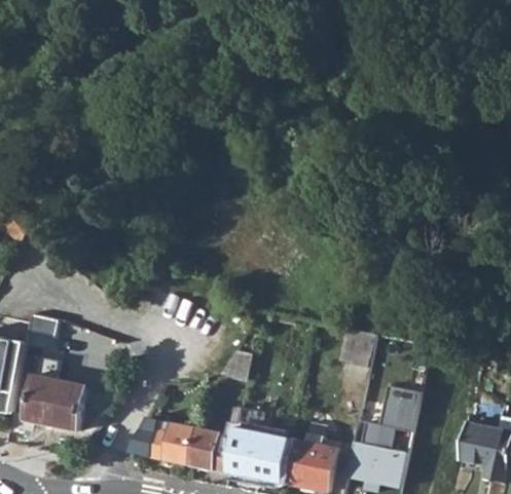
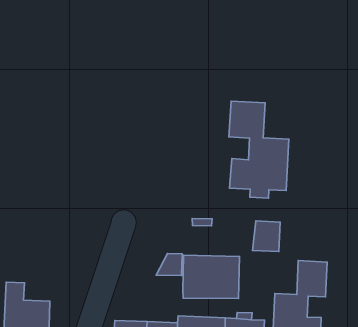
building: none -> [229,101,289,198]
building: none -> [183,255,240,298]

